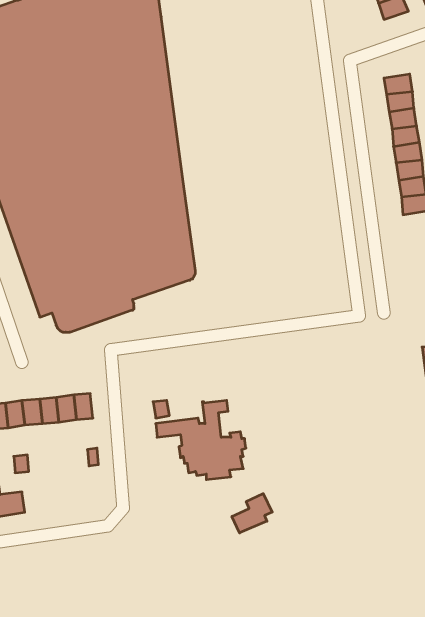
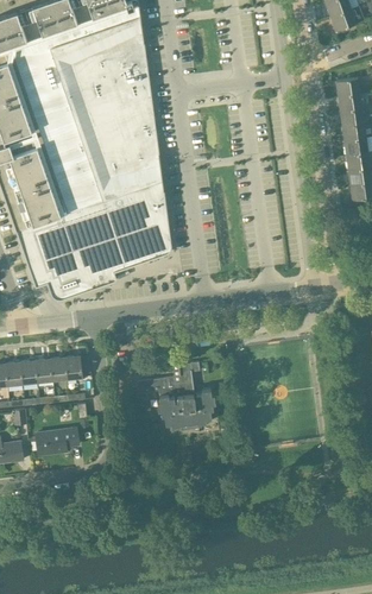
building: none -> [36,428,78,454]
building: [232,494,272,533] -> none

